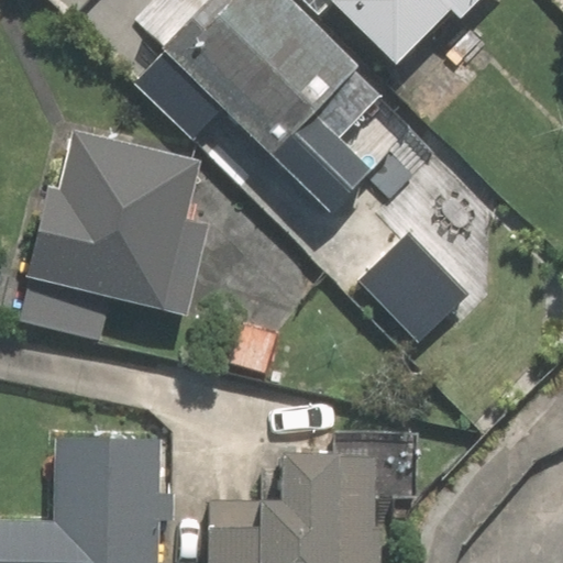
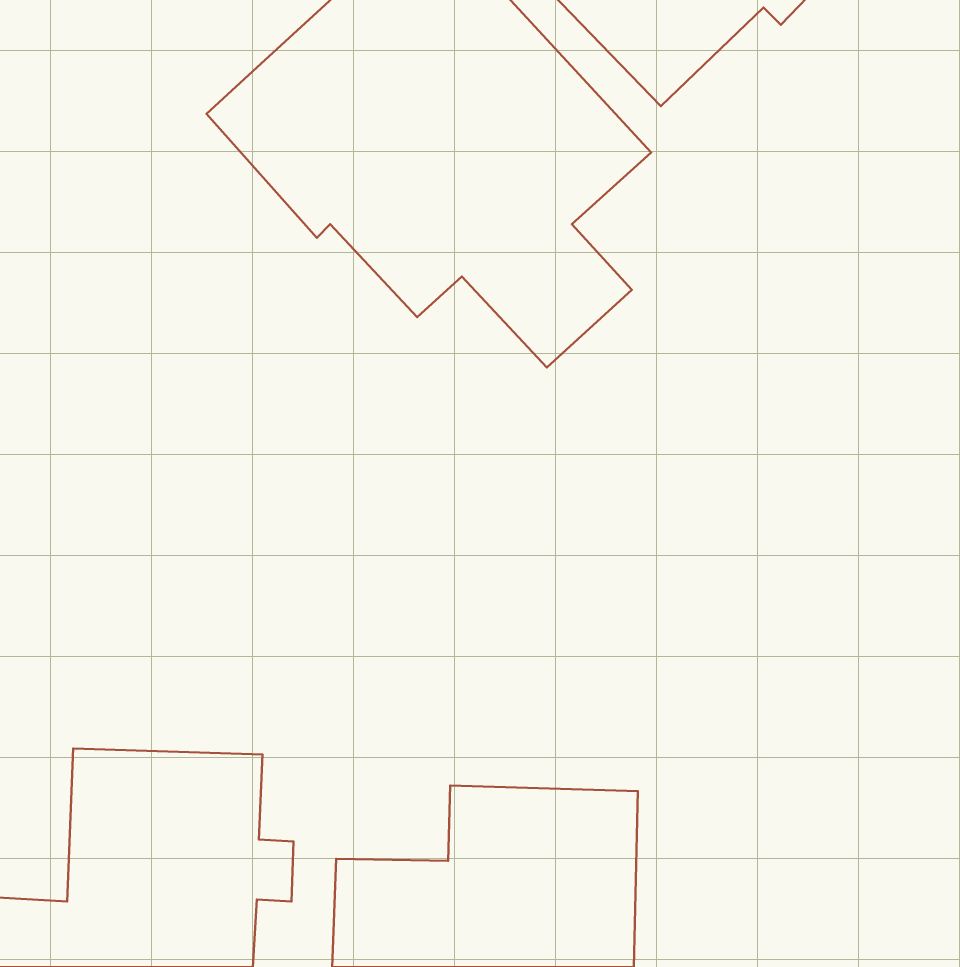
building: [26,131,208,317] -> none
building: [361,231,477,349] -> none

